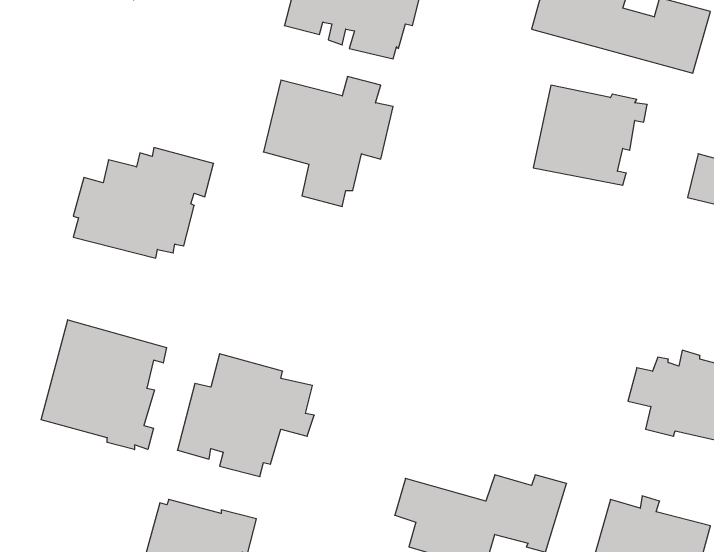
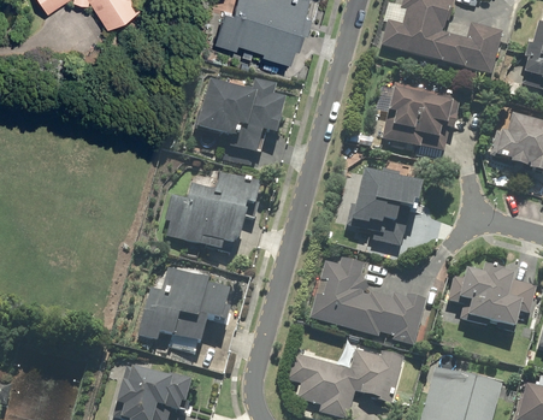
building: [73,148,214,258] -> [165,173,261,249]
building: none -> [344,168,424,247]
building: [41,320,166,450] -> none
building: none -> [309,256,425,347]

